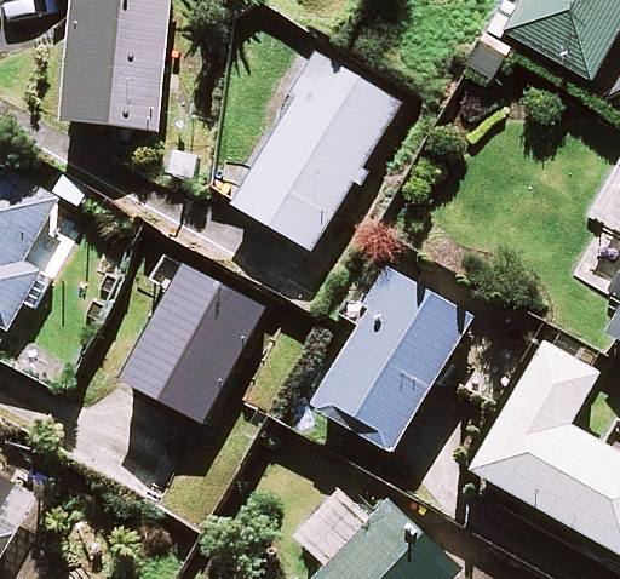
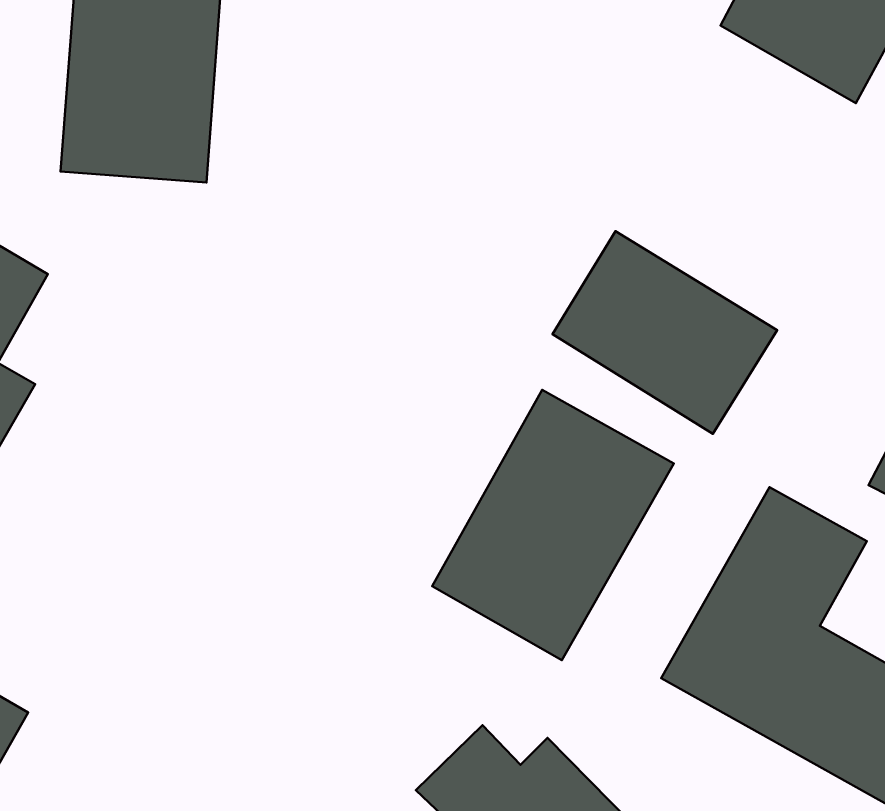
building: [230,52,403,252] -> none
building: none -> [553,231,777,434]
building: [117,259,268,425] -> none

